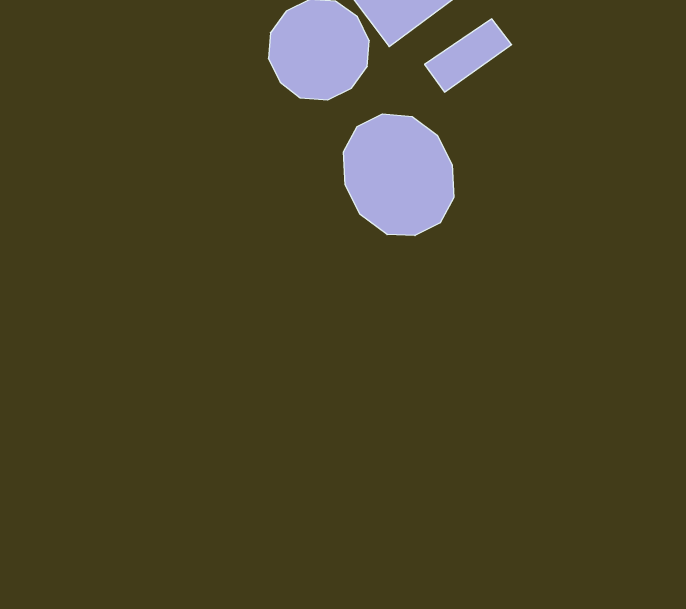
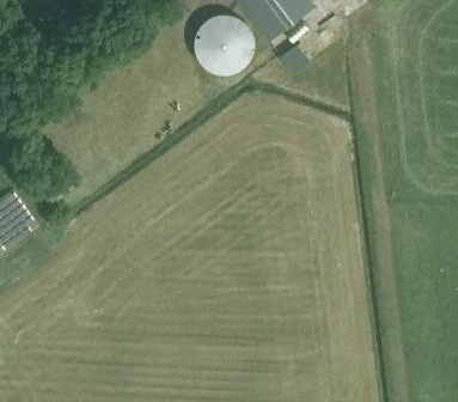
building: [344,114,454,236] -> none

